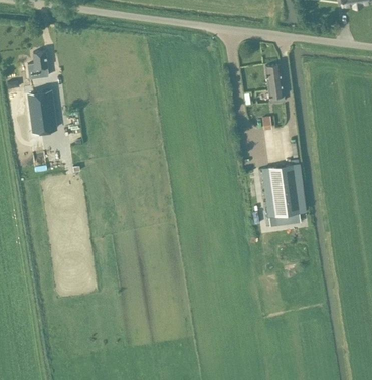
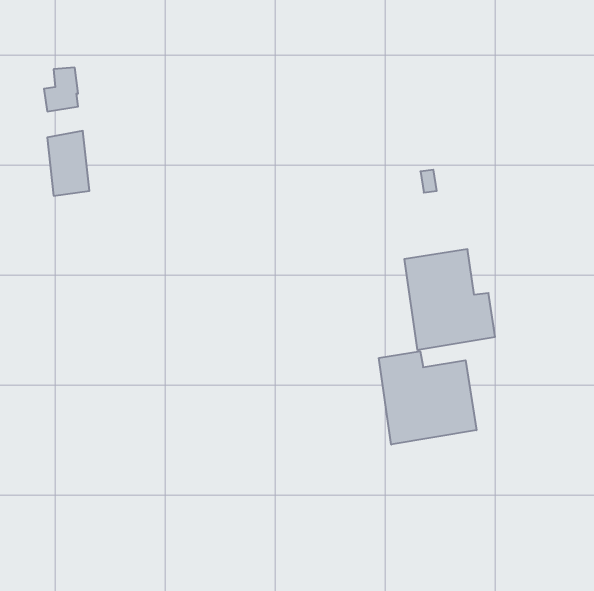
building: [266,63,285,102] -> none
building: none -> [379,351,476,445]

